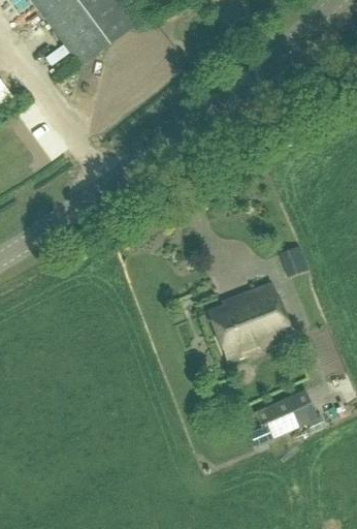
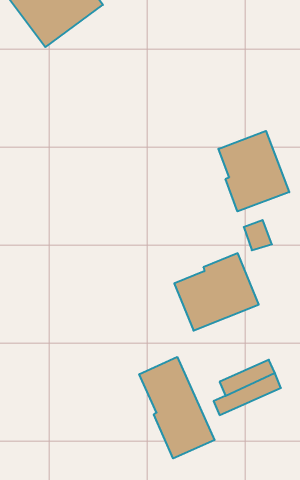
building: none -> [218,131,289,211]
building: none -> [139,357,215,458]

